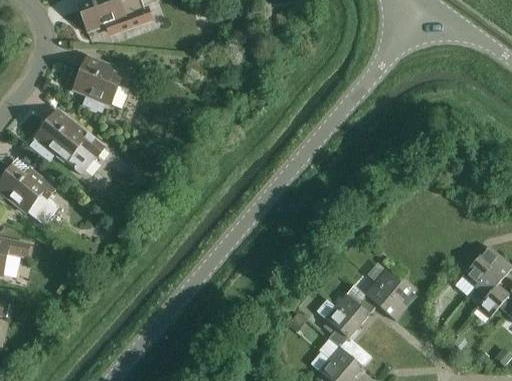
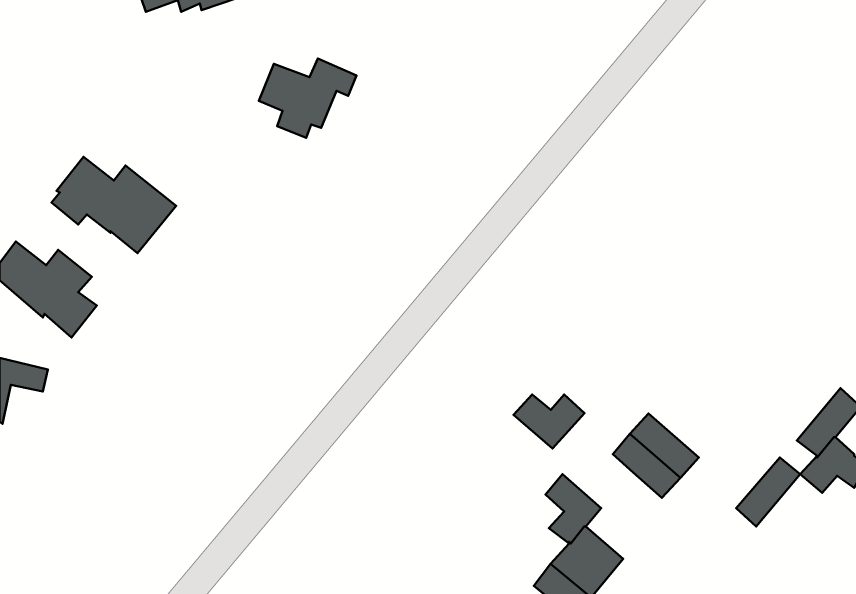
building: [73,63,131,110] -> [259,59,357,138]
building: [461,244,499,285] -> [736,457,800,527]
building: [334,293,376,325] -> [514,395,584,449]

